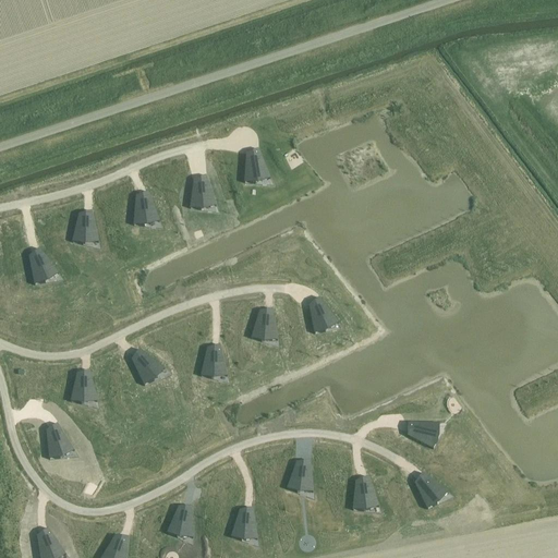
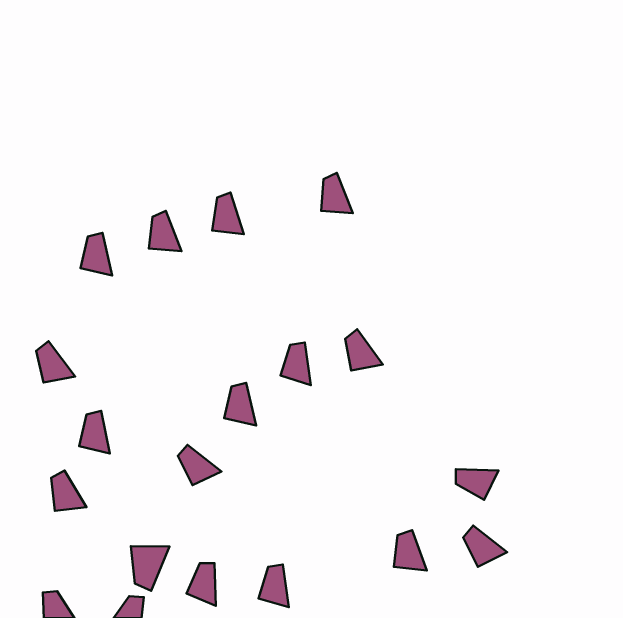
building: [244,146,272,182] -> [321,173,353,213]
building: [28,245,63,282] -> [36,341,75,383]
building: [131,347,170,383] -> [178,445,222,485]
building: [287,458,314,496] -> none
building: none -> [131,546,169,591]

